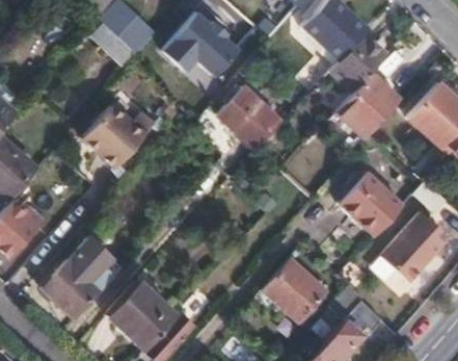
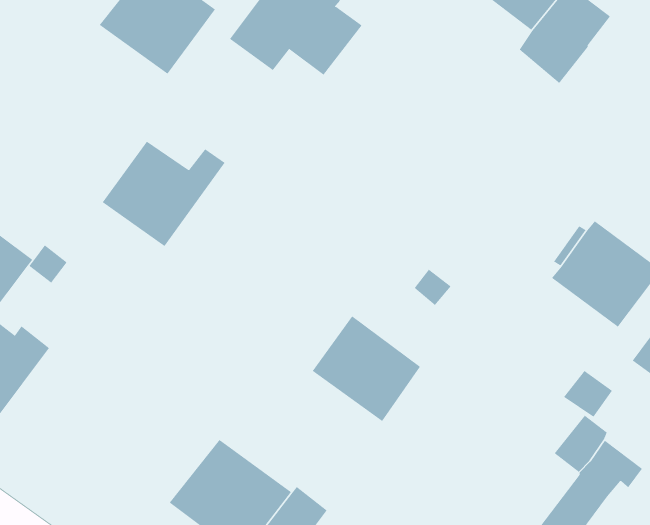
building: [336,72,400,138] -> none
building: [218,87,281,150] -> none
building: [42,235,122,317] -> none
building: [263,258,326,321] -> [312,315,421,422]

